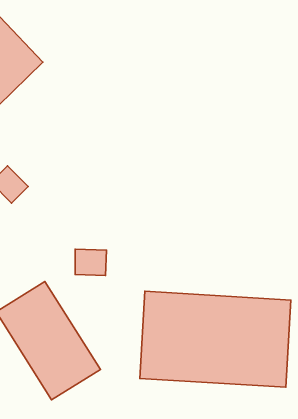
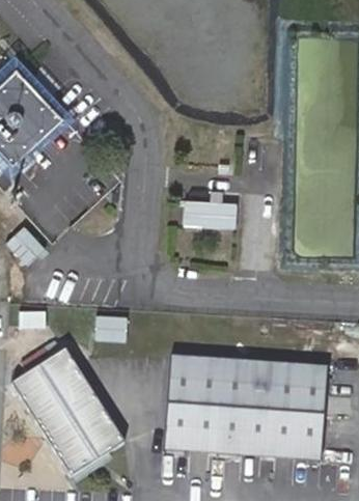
building: none -> [185,198,240,227]

